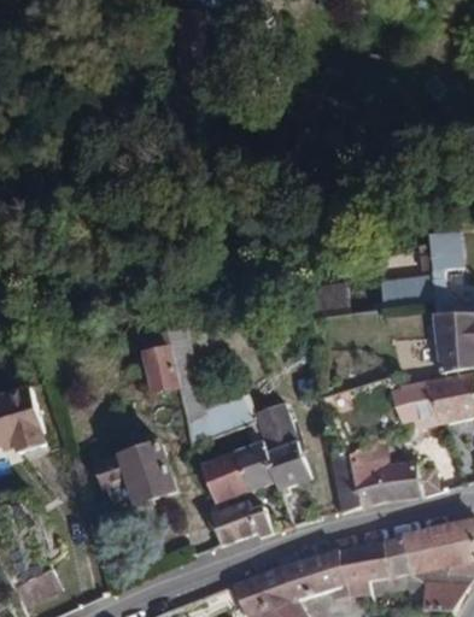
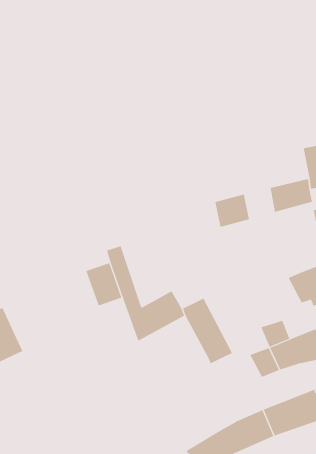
building: [92,435,179,506] -> none
building: [203,445,276,501] -> none
building: [212,509,269,546] -> none

